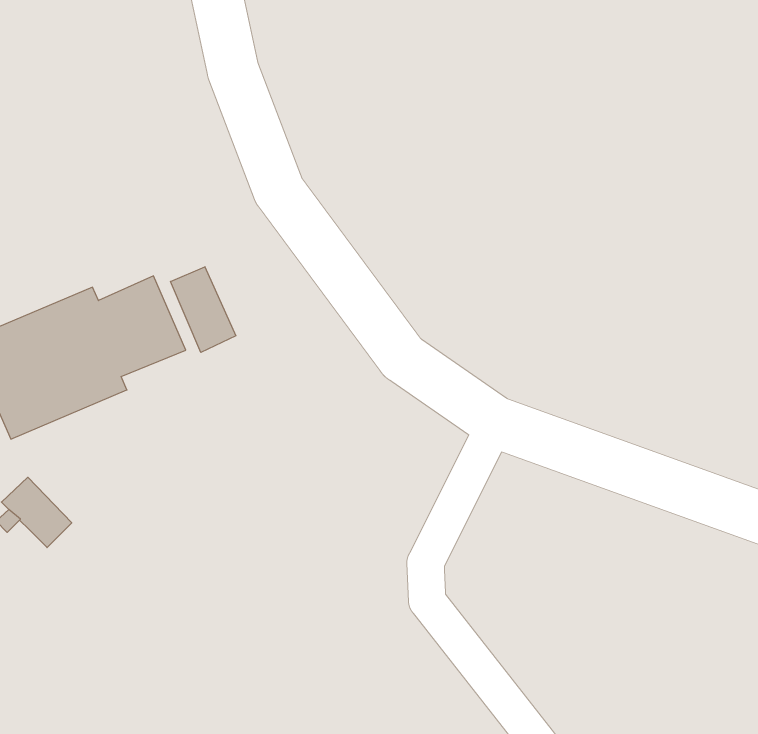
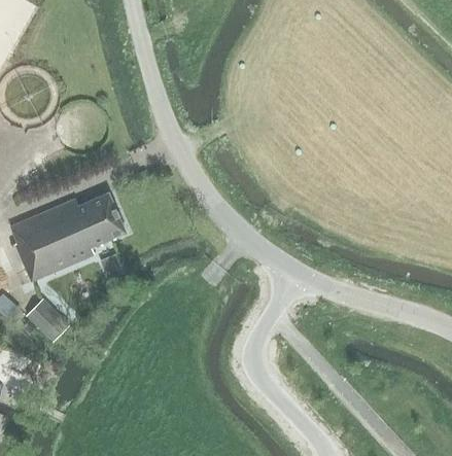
building: [171,267,236,352] -> none

